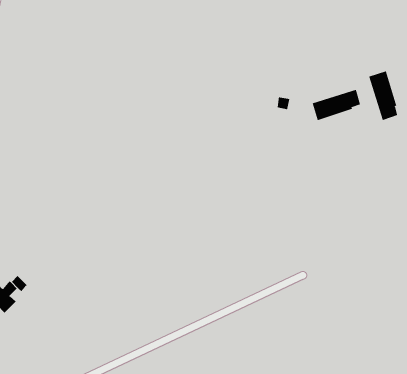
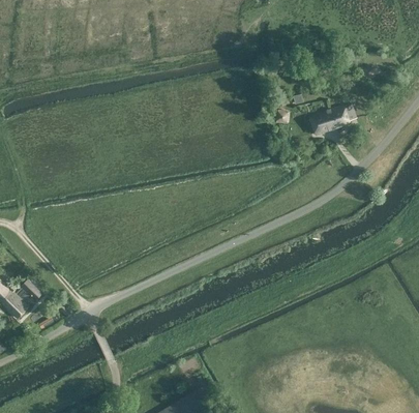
building: [368,71,398,121] -> none

